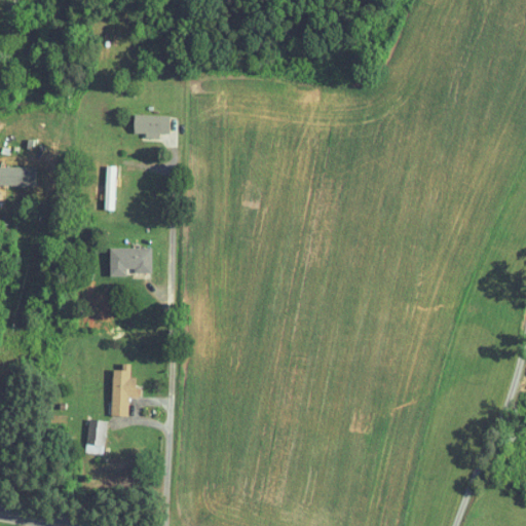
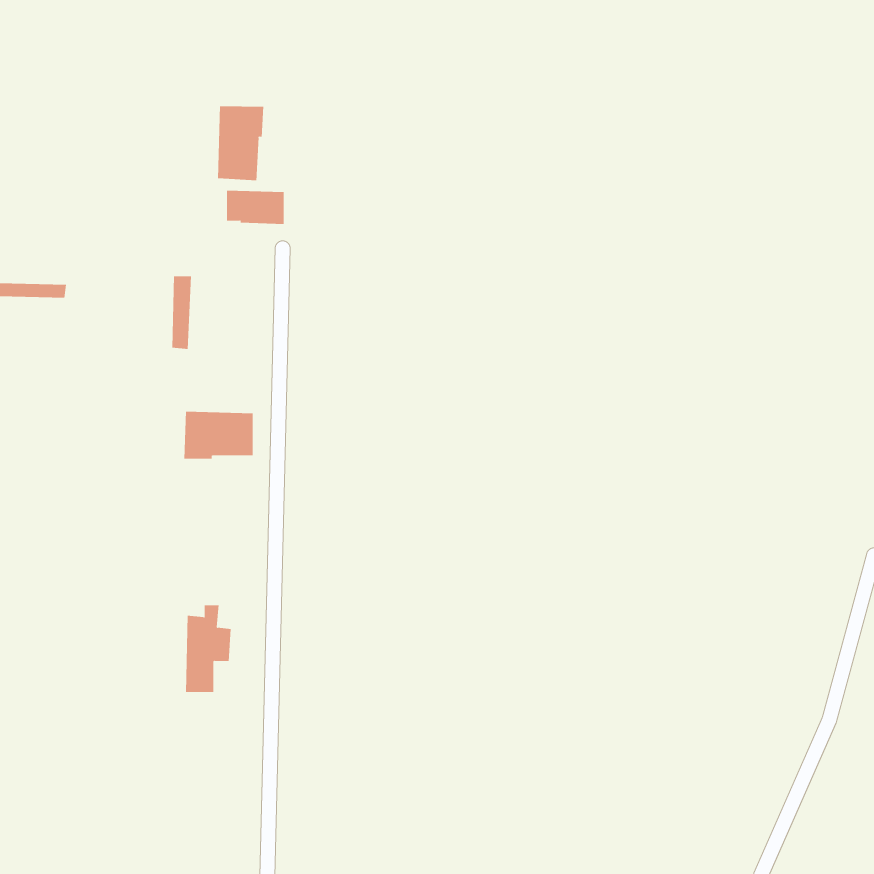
building: none -> [217,105,264,181]
building: [83,418,108,448] -> none

